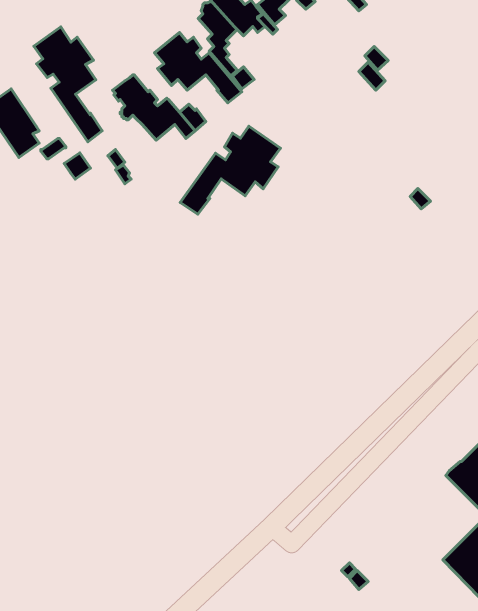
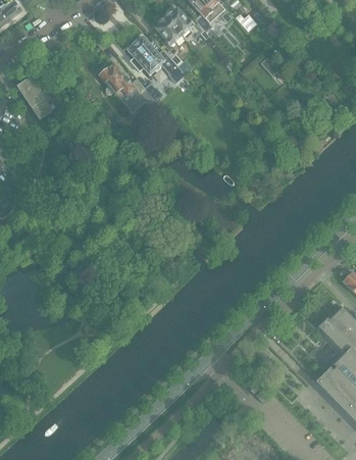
building: [34,27,102,142] -> none
building: [180,126,281,214] -> none

